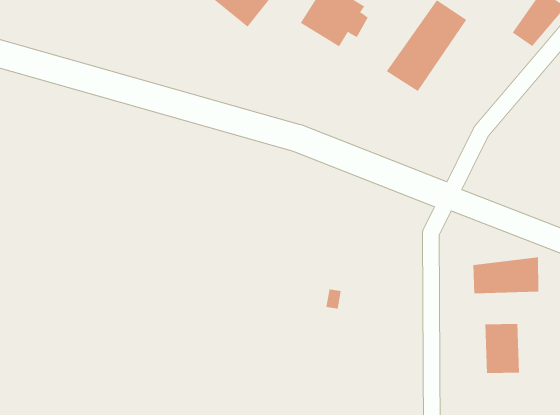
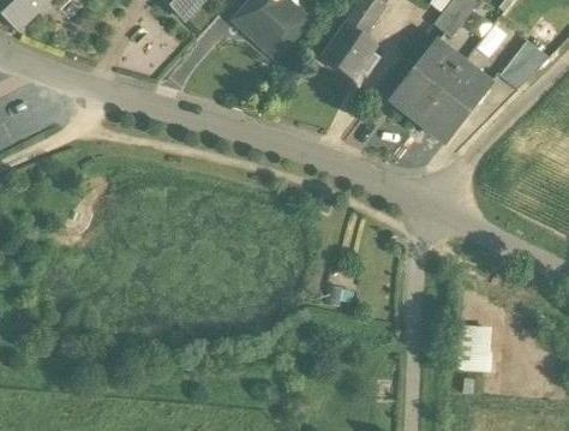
building: none -> [418,62,492,143]
building: [473,257,539,294] -> none

